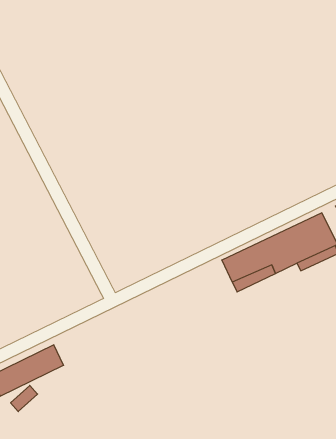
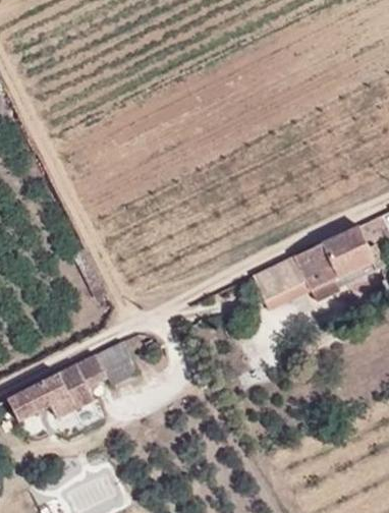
building: none -> [74,342,140,401]

